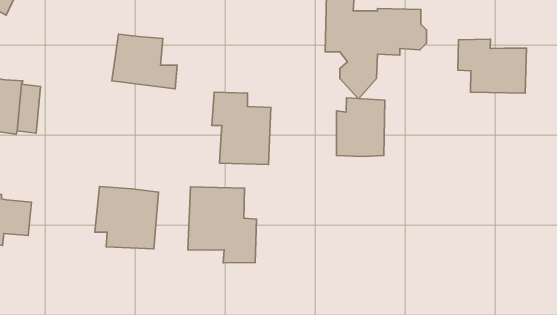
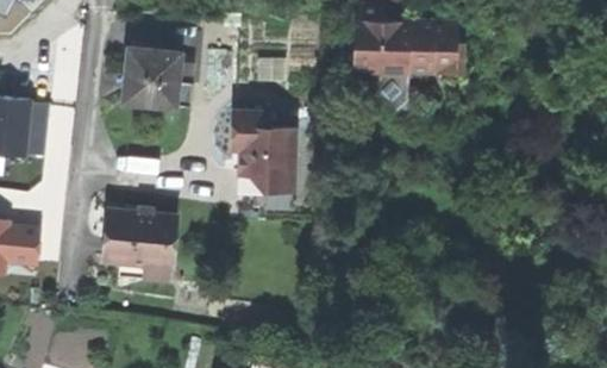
building: [458,39,527,93] -> none
building: [336,98,385,156] -> none
building: [188,187,257,263] -> none

